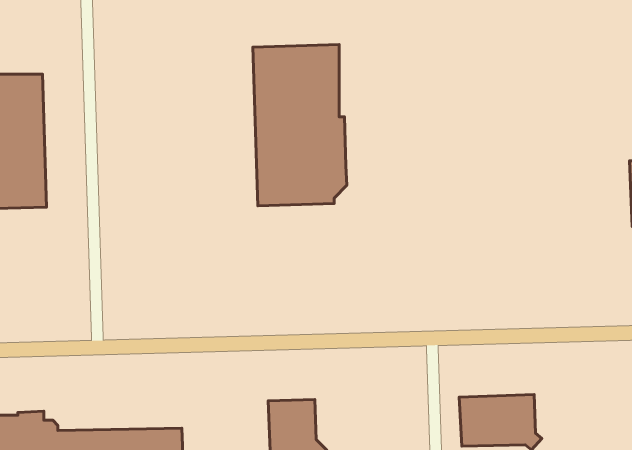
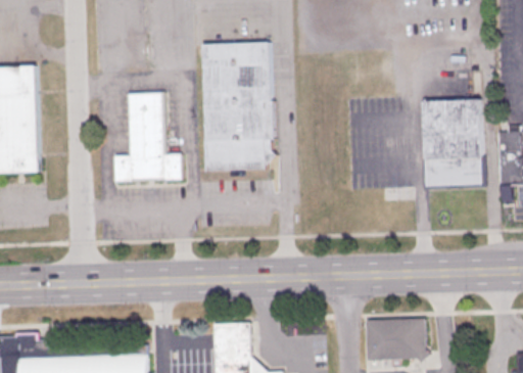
building: none -> [113,90,181,181]
building: none -> [424,100,483,187]

